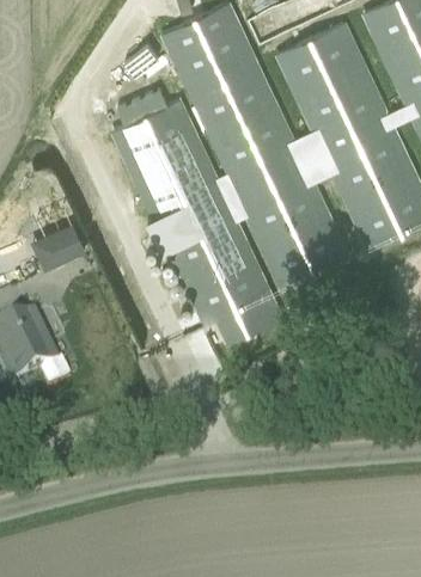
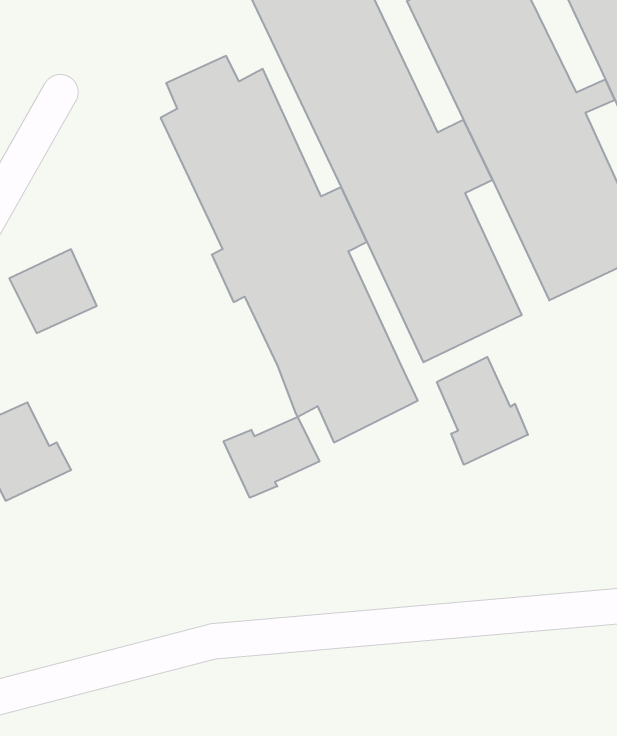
building: none -> [437,357,528,465]
building: none -> [224,417,319,498]

